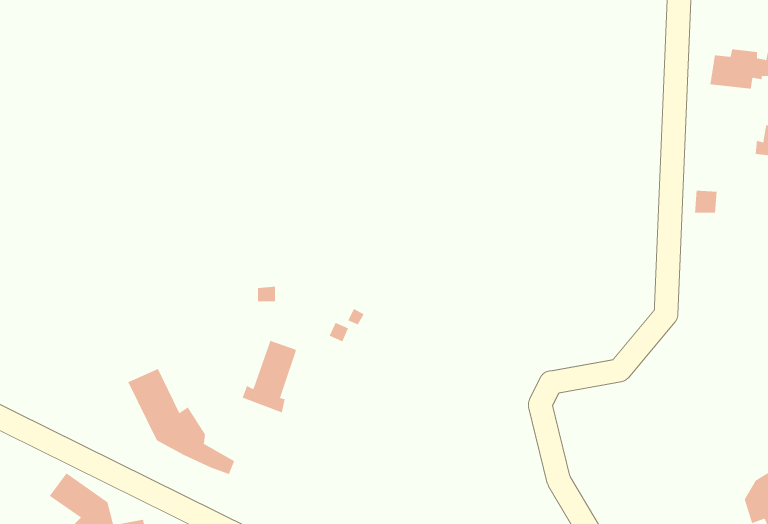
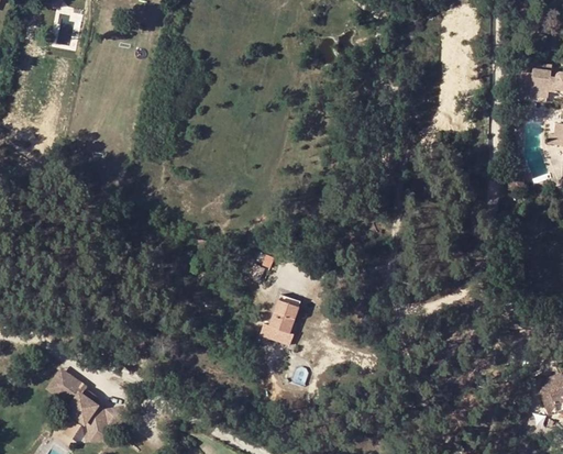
building: [242,340,296,413] -> [260,295,298,346]
building: [128,368,235,475] -> none

